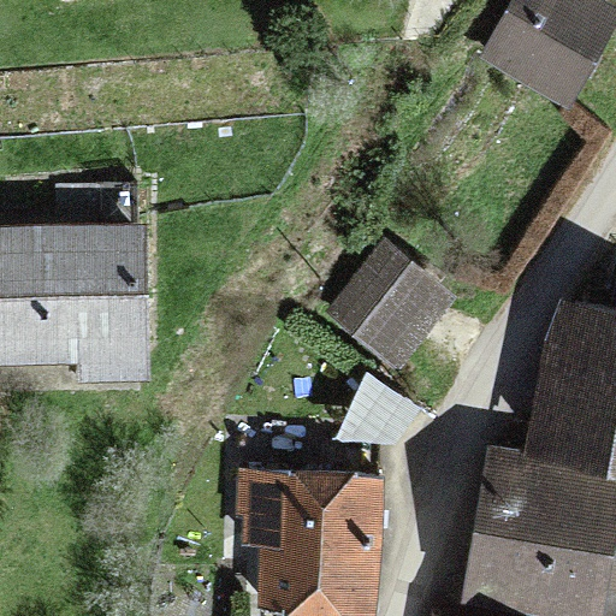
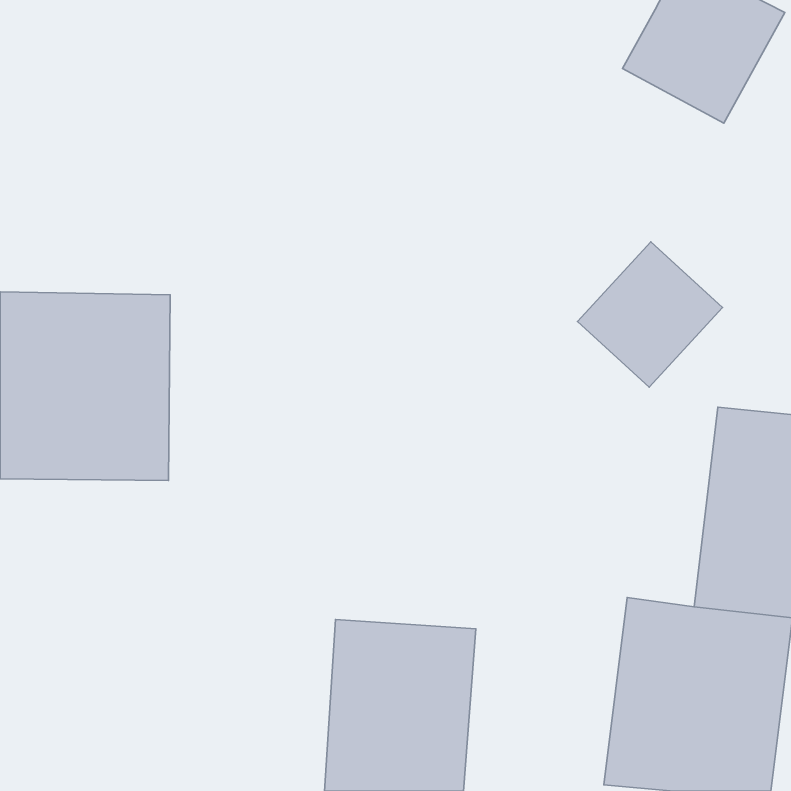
building: [332,244,444,356] -> [577,242,722,387]

